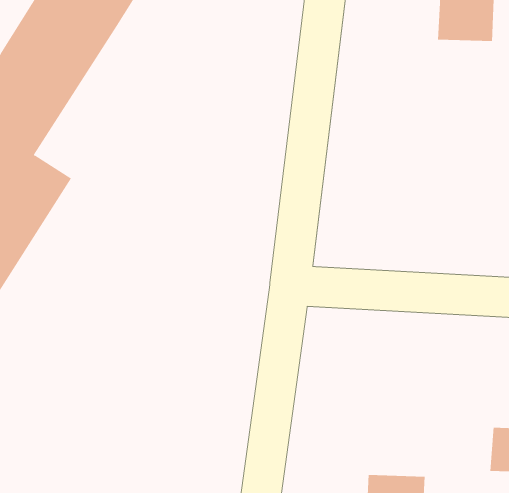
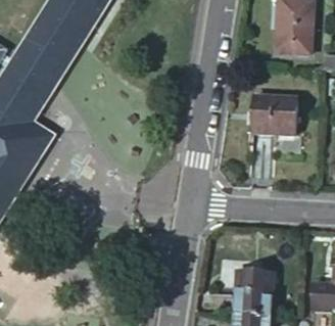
building: none -> [250,94,297,133]
building: none -> [234,270,270,314]

